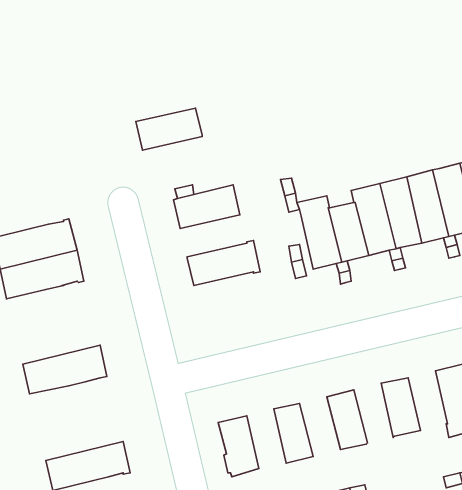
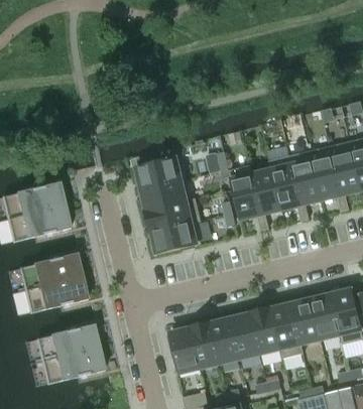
building: [136,108,202,150] -> [141,178,191,210]
building: none -> [151,221,201,253]
building: none -> [19,253,82,289]
building: none -> [311,294,340,338]
building: none -> [270,303,304,358]
building: none -> [230,313,260,358]
building: none -> [191,322,220,367]
building: none -> [35,323,99,361]

